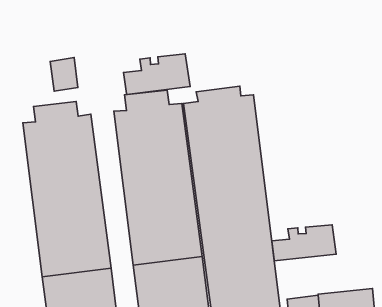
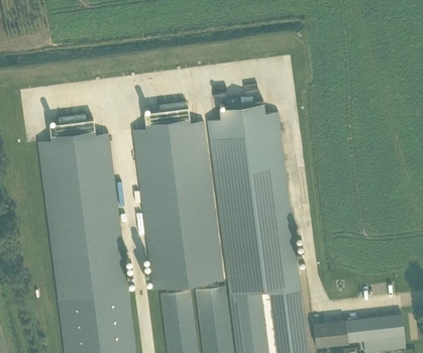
building: [123,54,190,95] -> none
building: [50,58,78,91] -> none
building: [272,225,336,261] -> none

